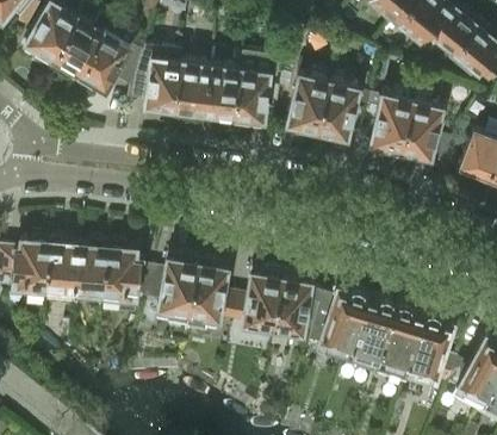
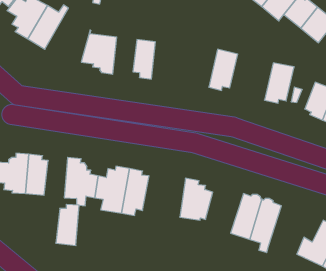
building: [74,30,141,91] -> none
building: [174,62,210,119] -> none
building: [231,69,269,125] -> none
building: [287,73,329,136] -> none
building: [367,93,411,155] -> none
building: [73,238,107,299] -> [56,204,79,246]
building: [230,267,281,328] -> none
building: [307,284,367,352] -> none
building: [404,309,456,383] -> none

